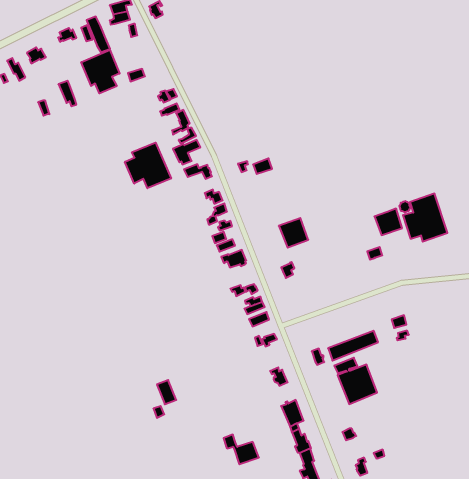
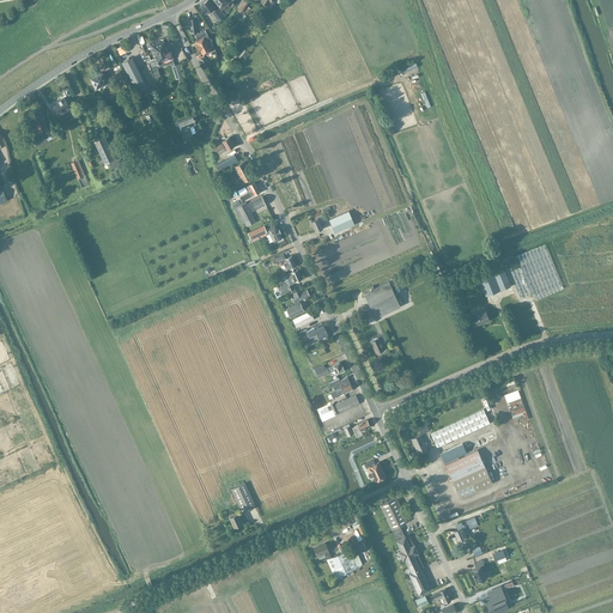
building: [81,50,120,93] -> none
building: [125,143,171,188] -> none

